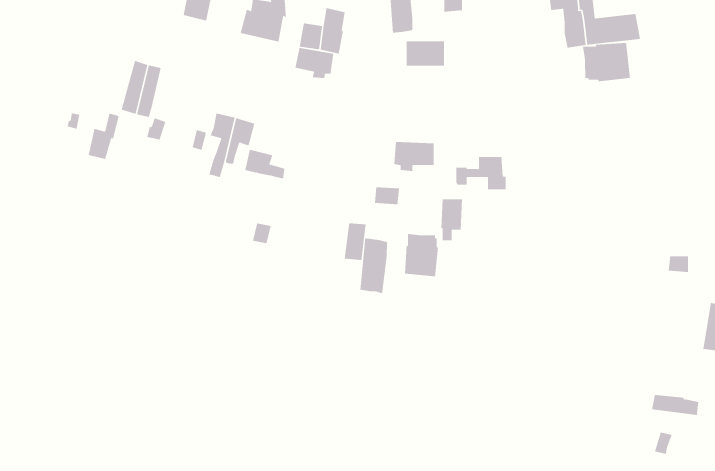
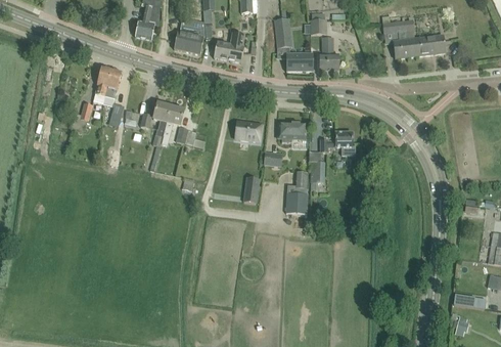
building: none -> [320,37,338,71]
building: [582,42,631,82] -> none
building: [295,47,334,79] -> none
building: none -> [235,121,262,141]
building: [360,237,388,294] -> none

